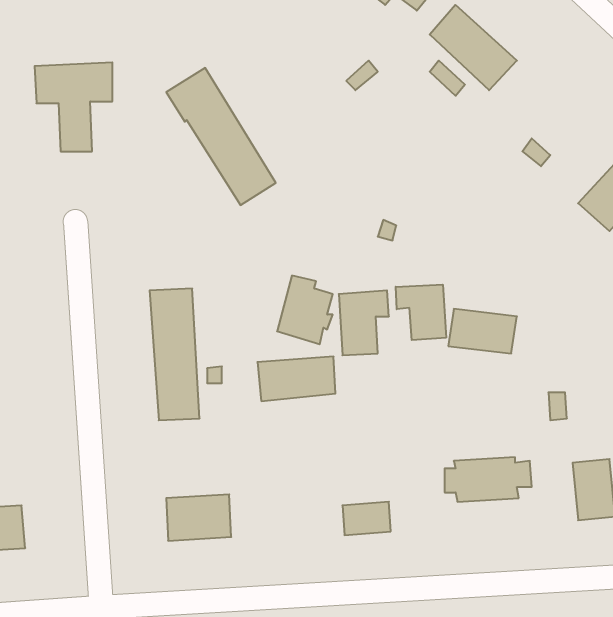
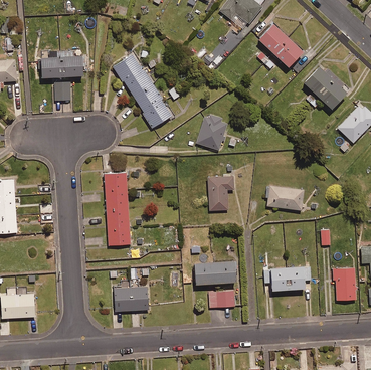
building: none -> [302,65,346,109]
building: [277,276,333,344] -> [196,114,226,151]
building: [396,285,446,340] -> none
building: [257,357,335,401] -> [191,259,233,284]

